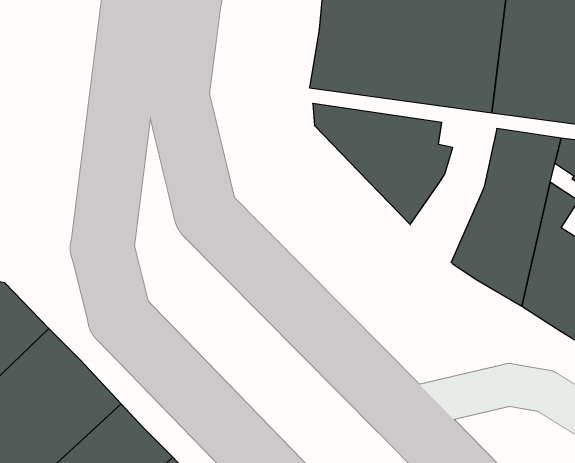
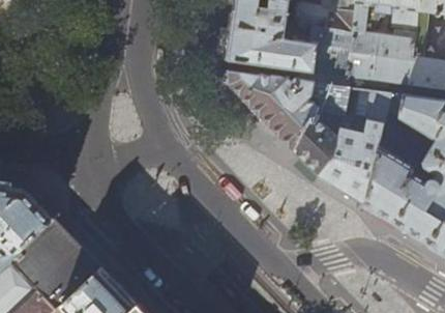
building: none -> [291,83,348,175]

